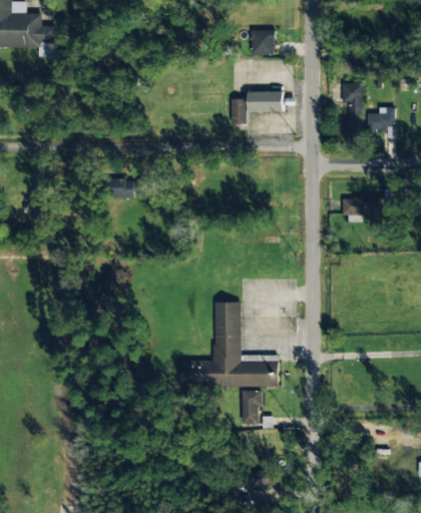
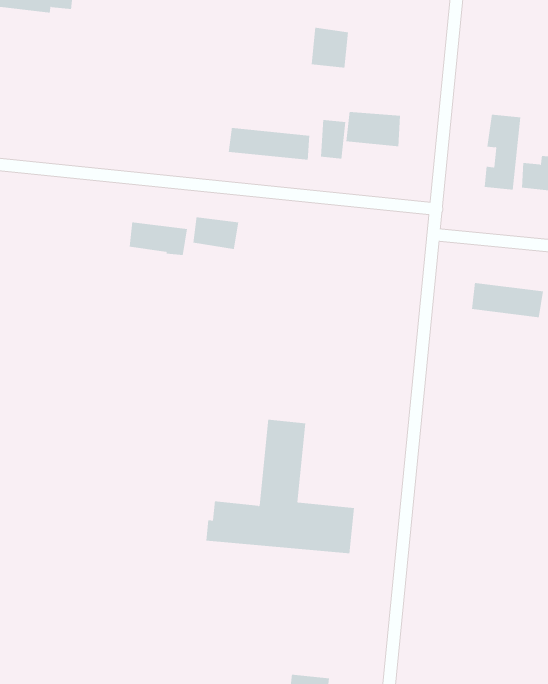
building: [252,29,275,54] -> [311,27,349,68]
building: none -> [228,127,310,161]
building: none -> [193,216,239,250]
building: [241,390,263,426] -> none

